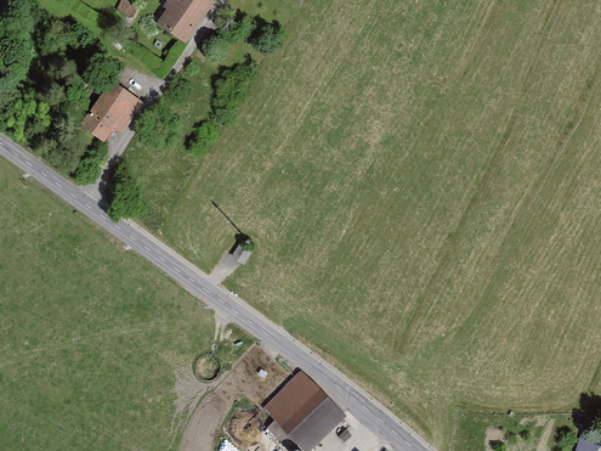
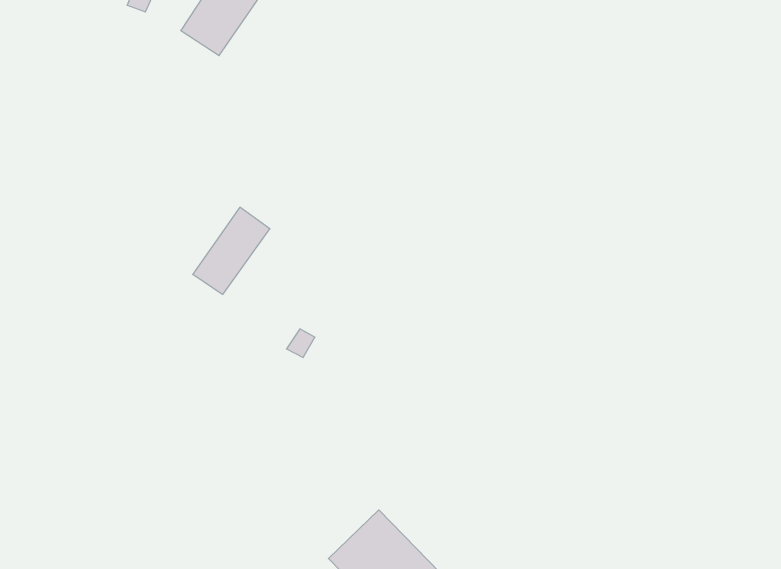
building: [84,80,140,143] -> [193,207,270,294]

